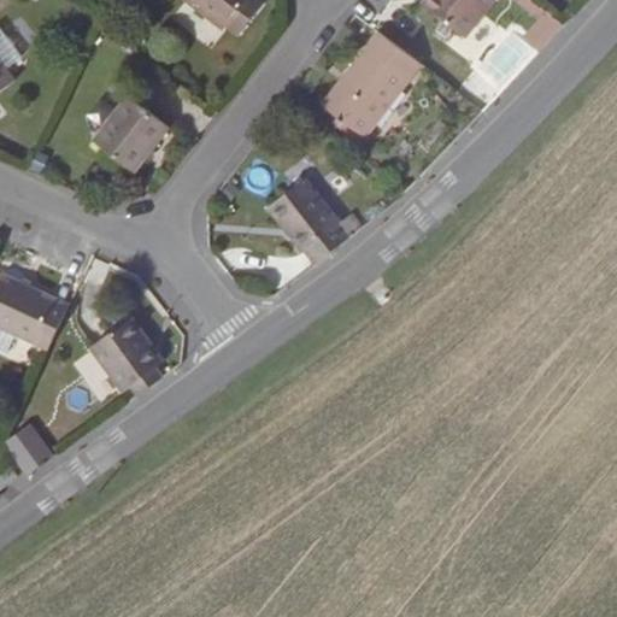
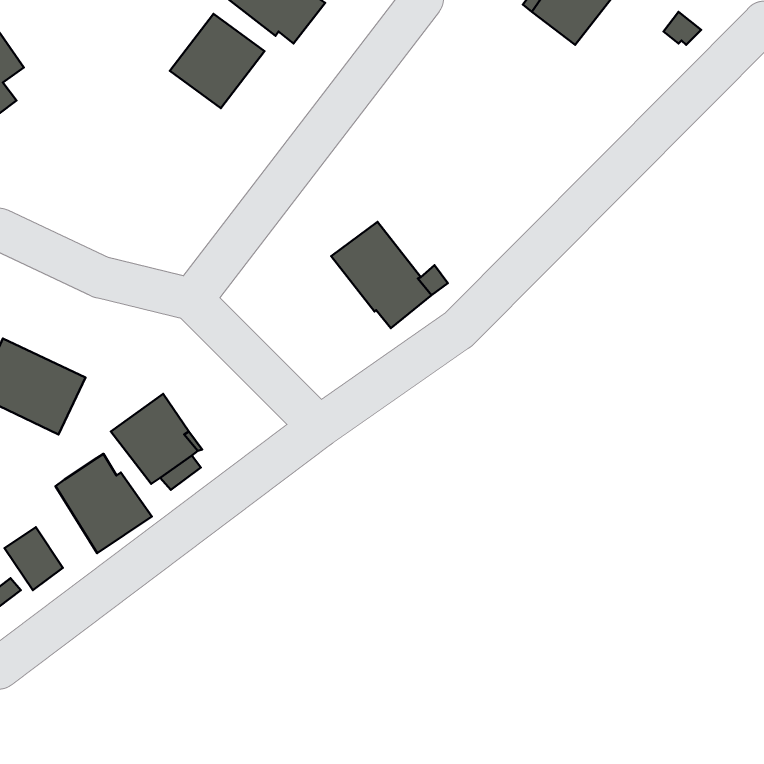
building: [321,31,418,136] -> none
building: [92,95,168,171] -> [170,14,264,108]
building: none -> [56,454,152,553]

